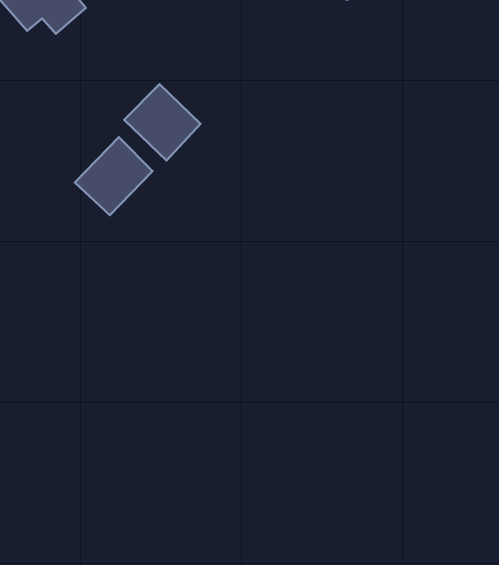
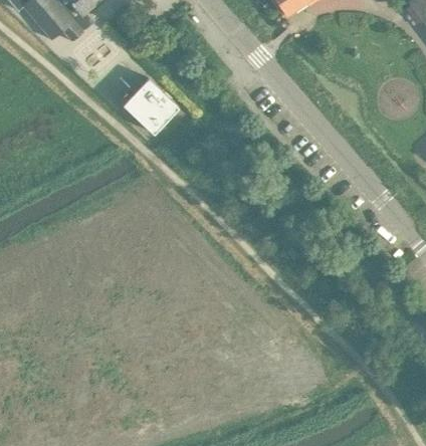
building: [75,137,152,215] -> none

